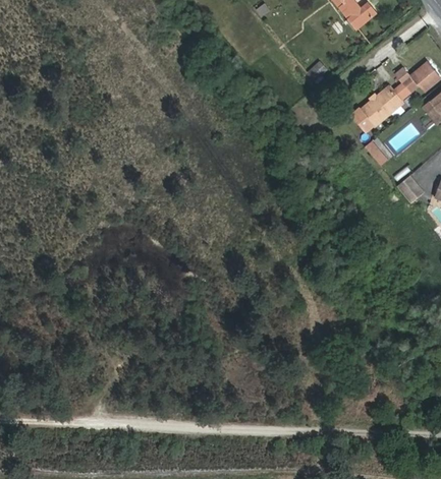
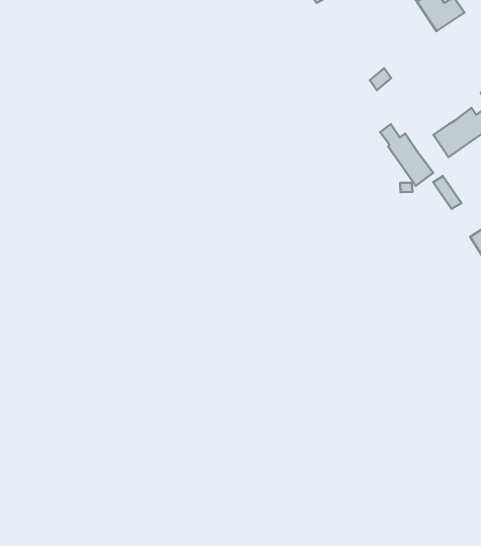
building: none -> [380,124,433,186]

